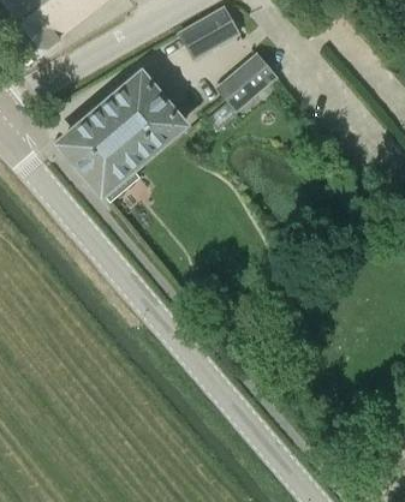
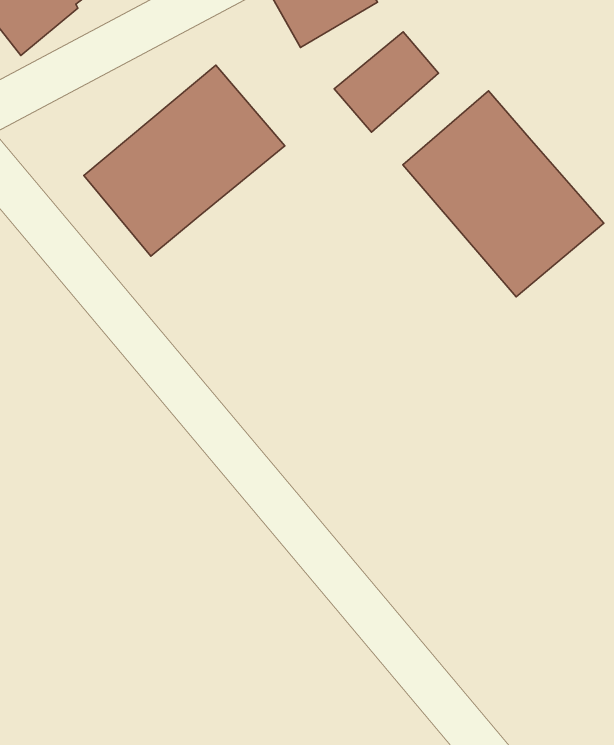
building: none -> [403,91,604,297]

